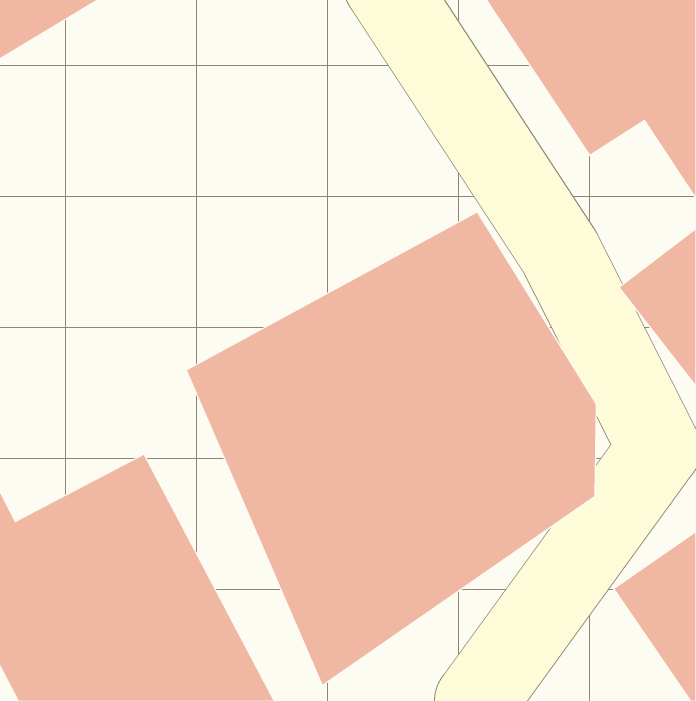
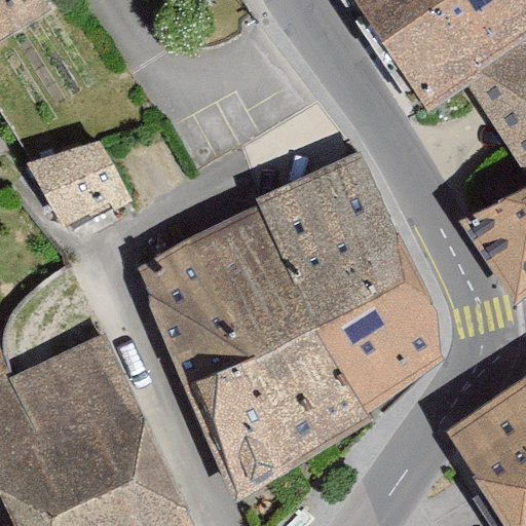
building: none -> [24,140,128,235]

